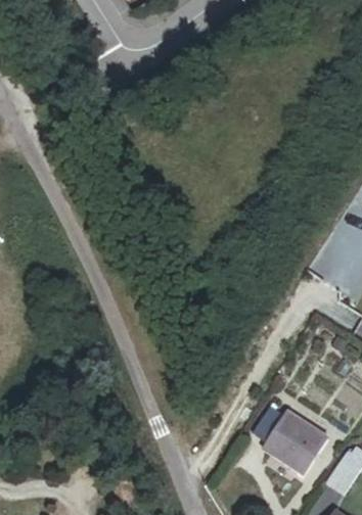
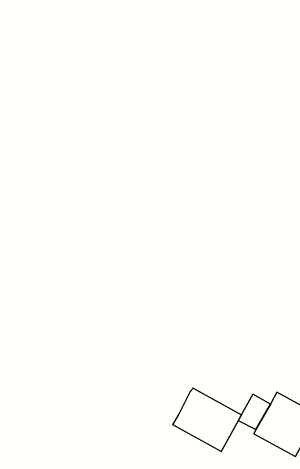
building: none -> [173,388,241,452]

